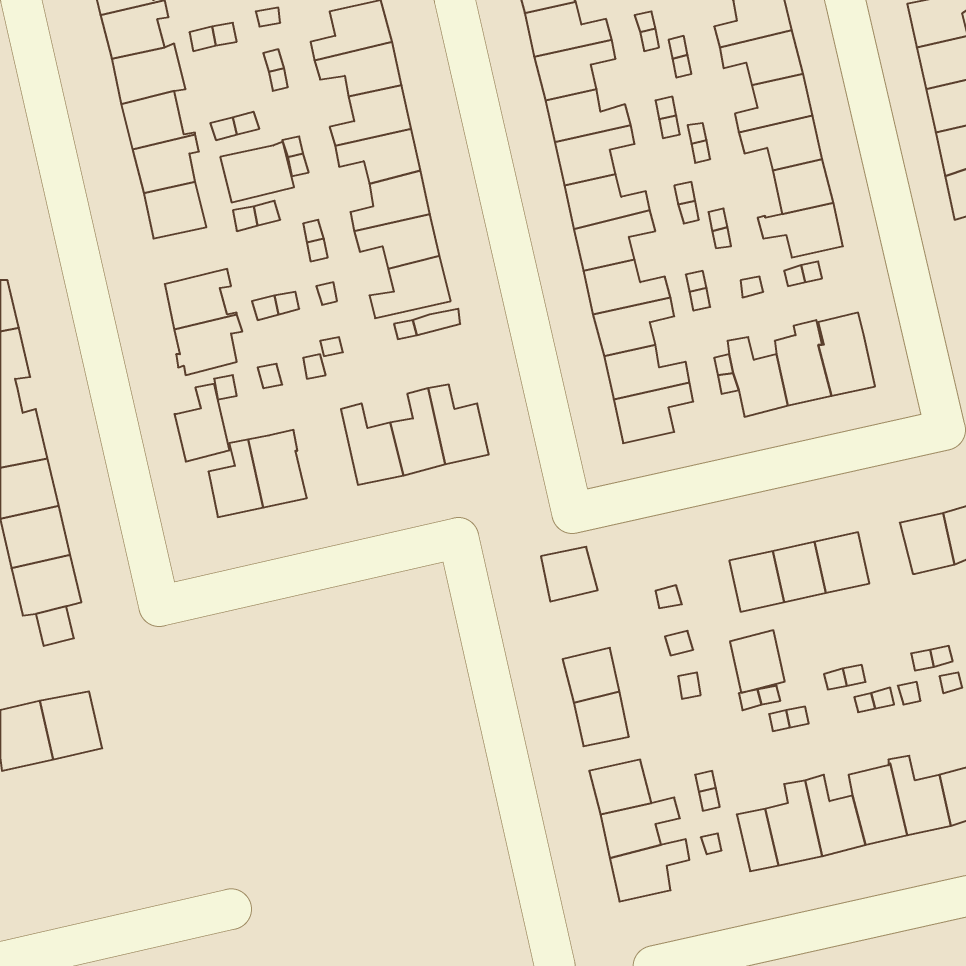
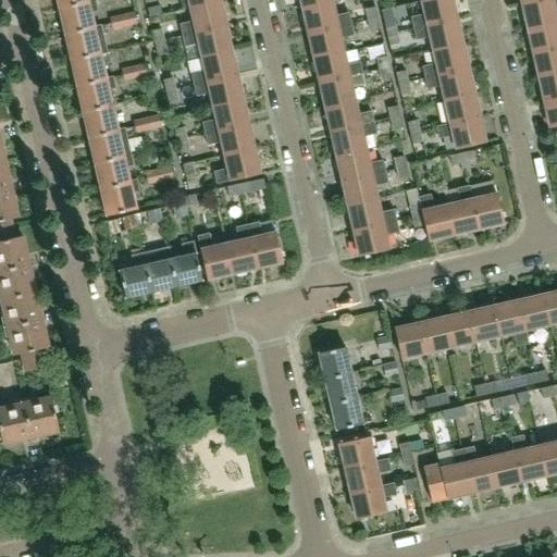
building: [220,142,294,202] -> [89,128,132,163]
building: [174,384,229,462] -> [171,242,202,286]
building: none -> [494,300,529,345]
building: [541,547,598,602] -> [319,347,351,379]
building: [730,630,785,693] -> [395,322,426,358]

